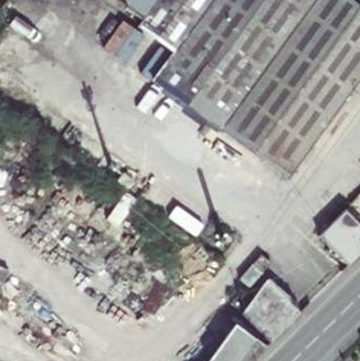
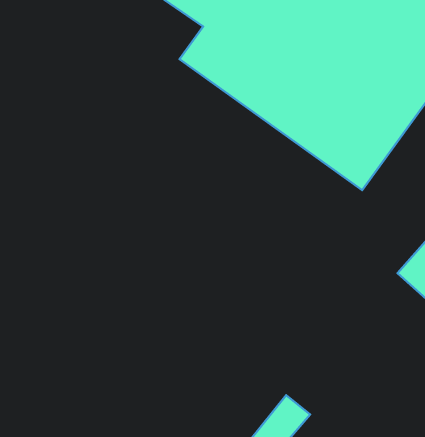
building: [239,279,298,340] -> none

